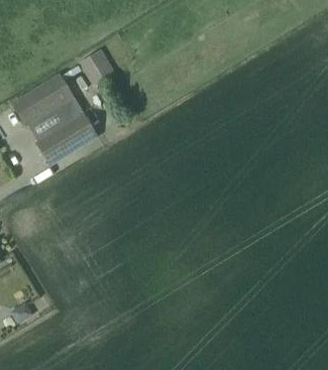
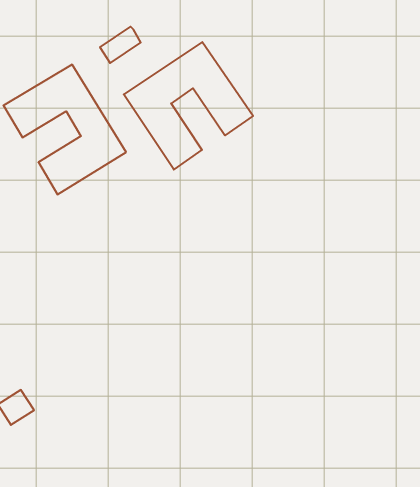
building: none -> [124,42,253,170]

